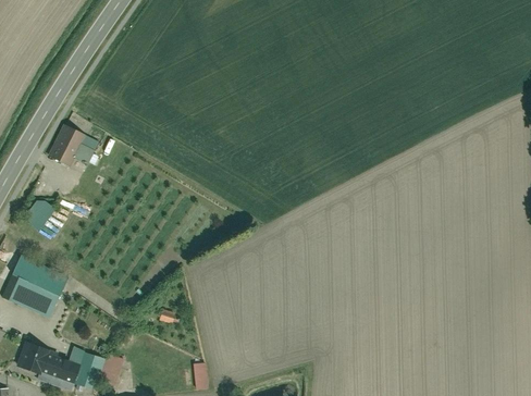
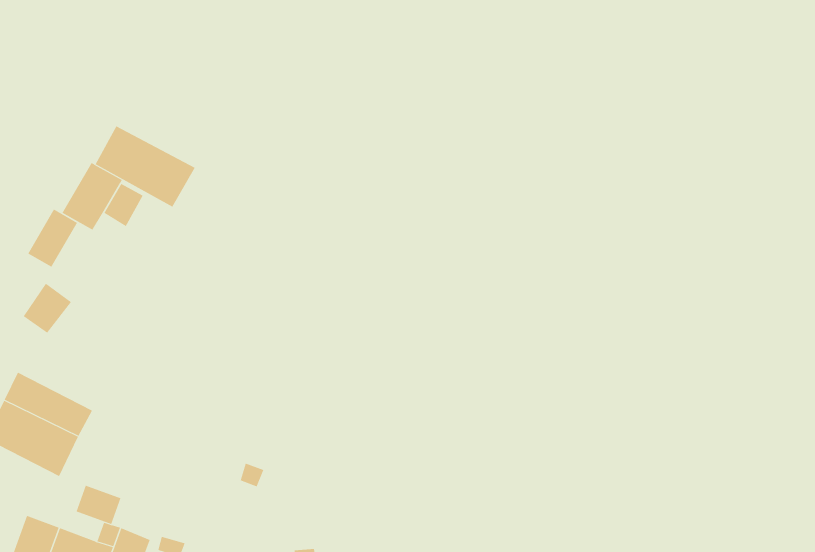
building: none -> [95,125,195,208]
building: none -> [27,209,78,268]
building: none -> [76,485,121,525]

